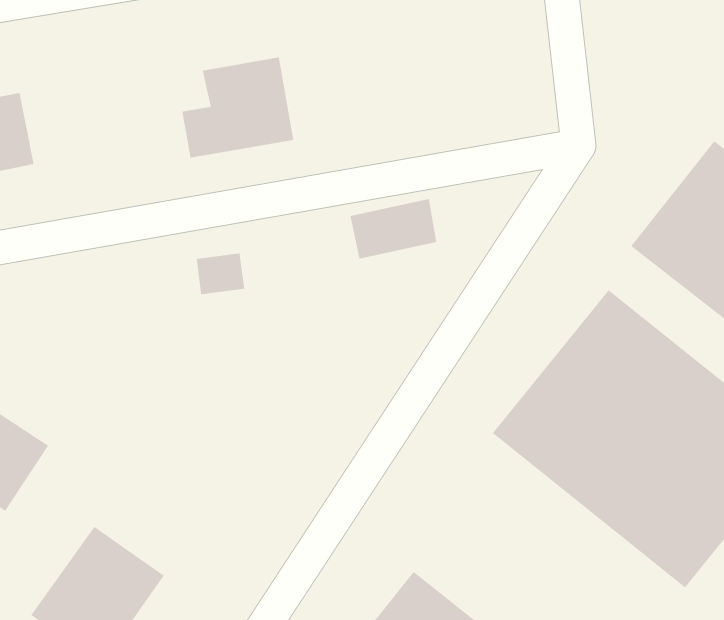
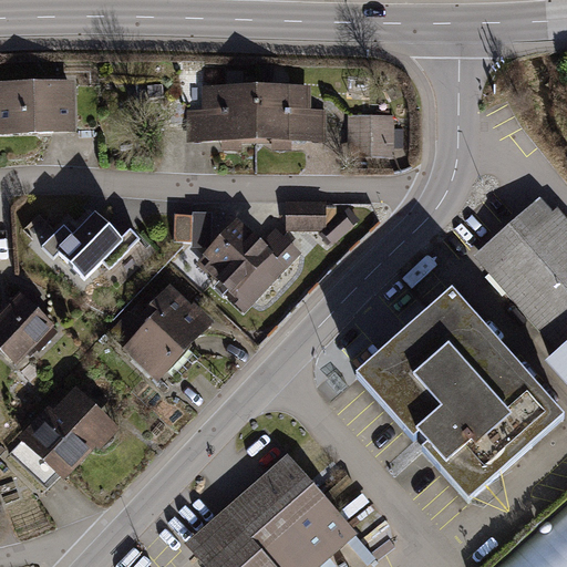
building: none -> [257,85,328,145]
building: none -> [347,116,395,163]
building: none -> [194,217,287,309]
building: none -> [54,209,123,277]
building: none -> [125,284,212,378]

